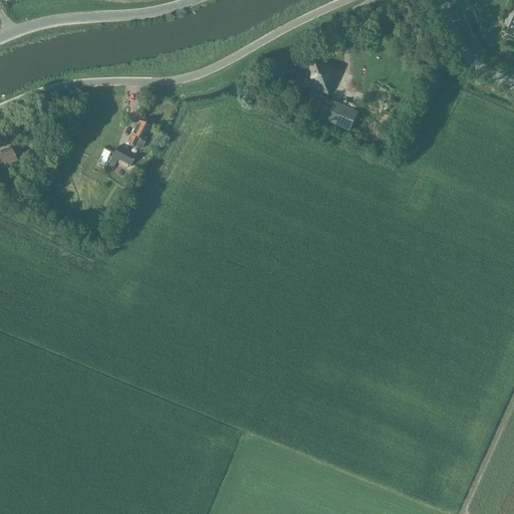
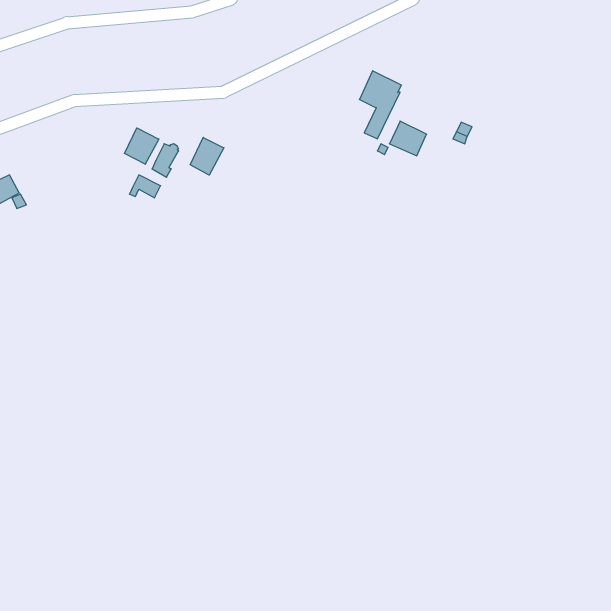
building: none -> [125,128,159,164]
building: none -> [190,137,224,175]

